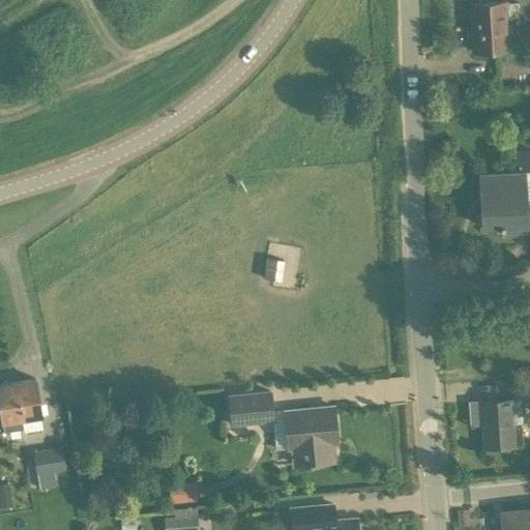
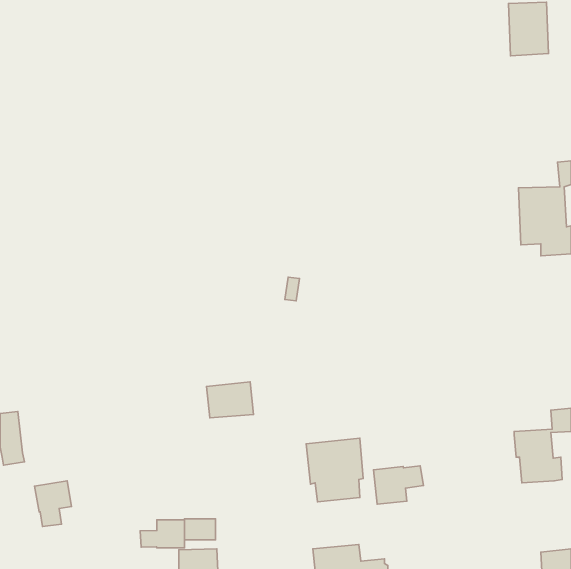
building: [17,380,41,421] -> none
building: [229,392,272,425] -> [206,382,253,418]
building: none -> [374,466,423,504]
building: none -> [140,520,184,548]

